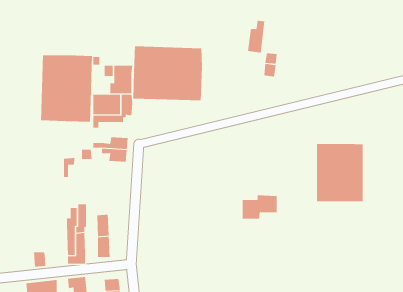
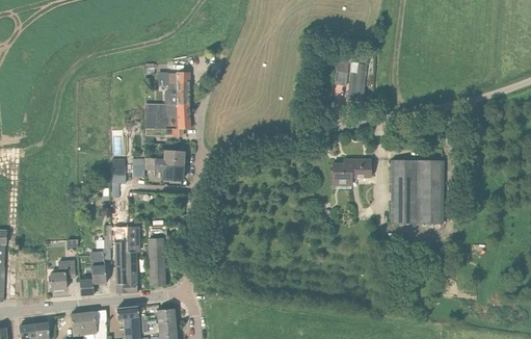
building: [247,20,265,53] -> [346,64,366,101]
building: [133,46,202,101] -> none
building: [40,54,93,123] -> none
building: [242,195,278,219] -> [331,158,371,185]
building: none -> [89,251,106,282]
building: none -> [50,259,75,289]

